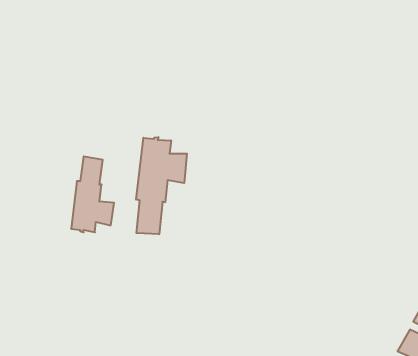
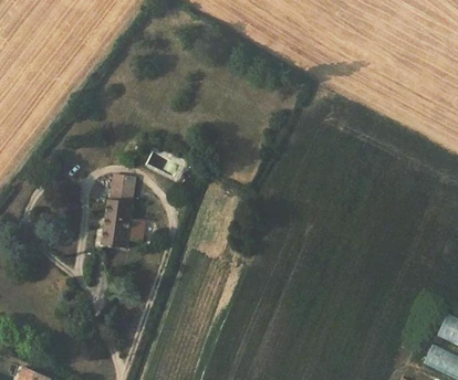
building: [136,137,187,234] -> none

